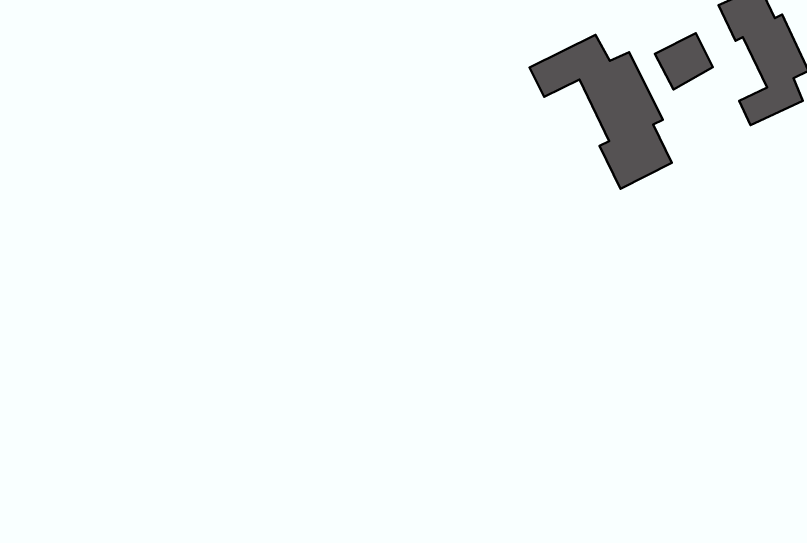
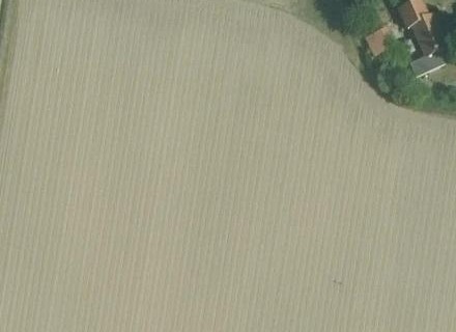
building: [530,35,672,189] -> none

